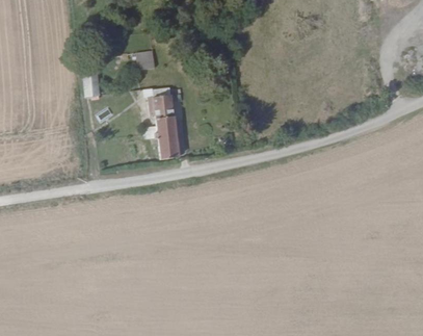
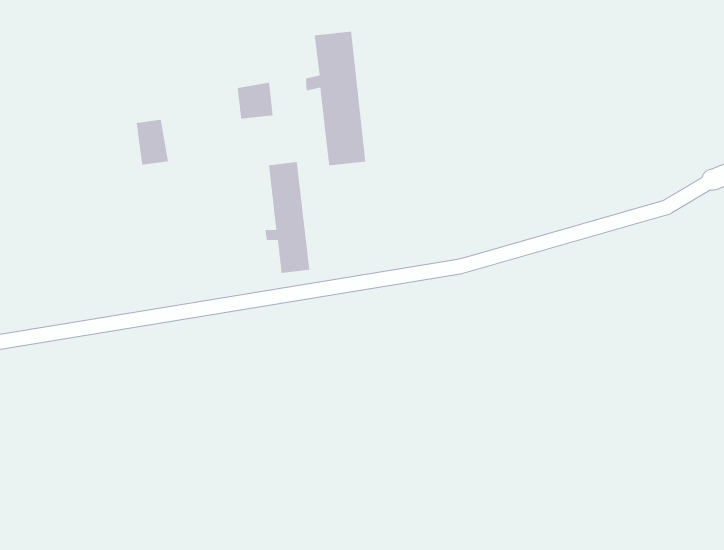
building: none -> [305,31,366,166]

